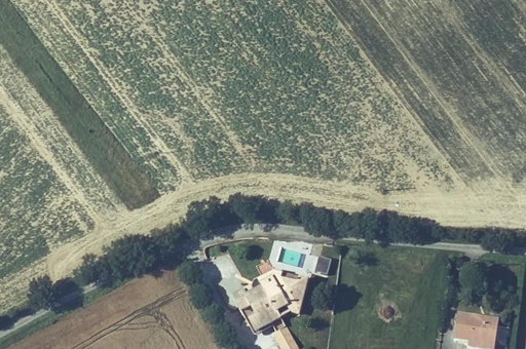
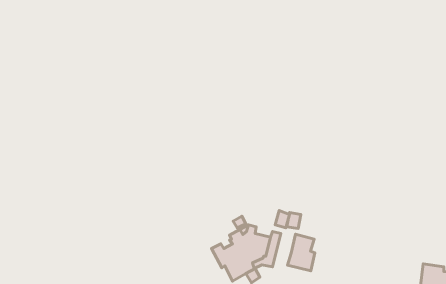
building: none -> [288,234,315,271]

